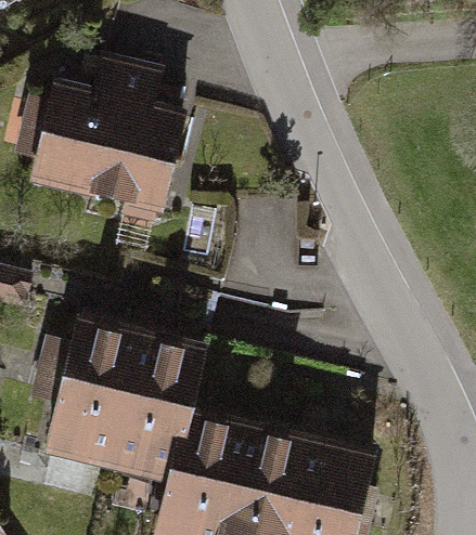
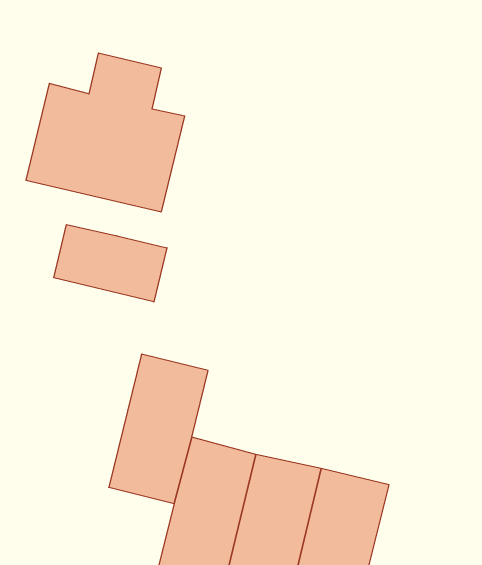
building: none -> [54,225,167,302]
building: [47,322,141,460] -> none

